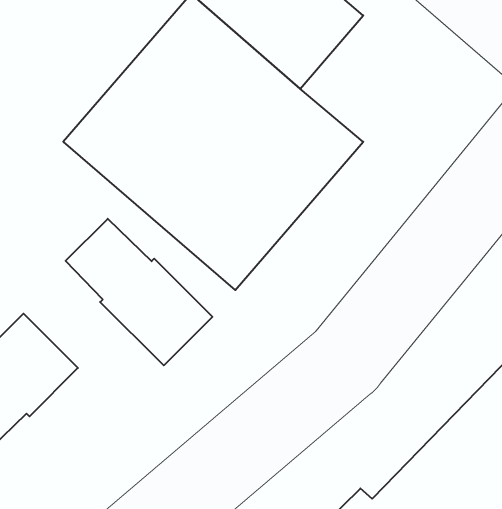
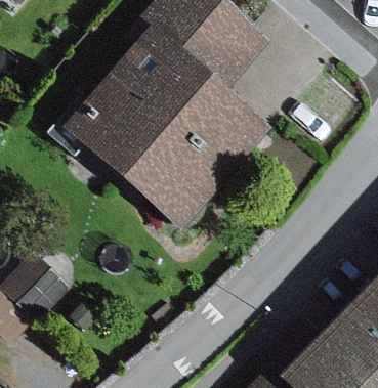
building: [66,219,212,365] -> none

